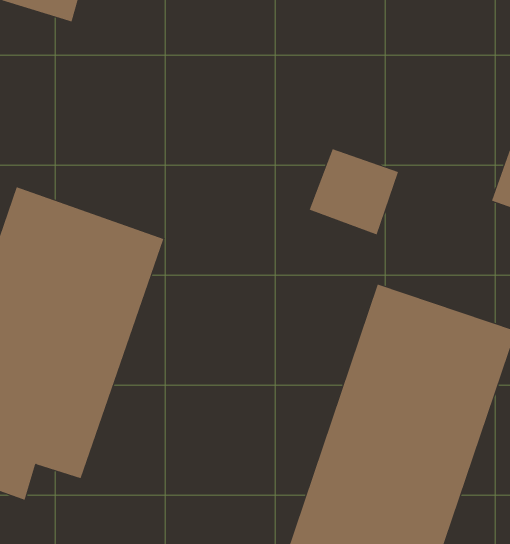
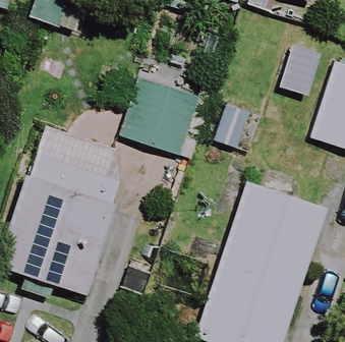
building: none -> [126,79,210,157]

